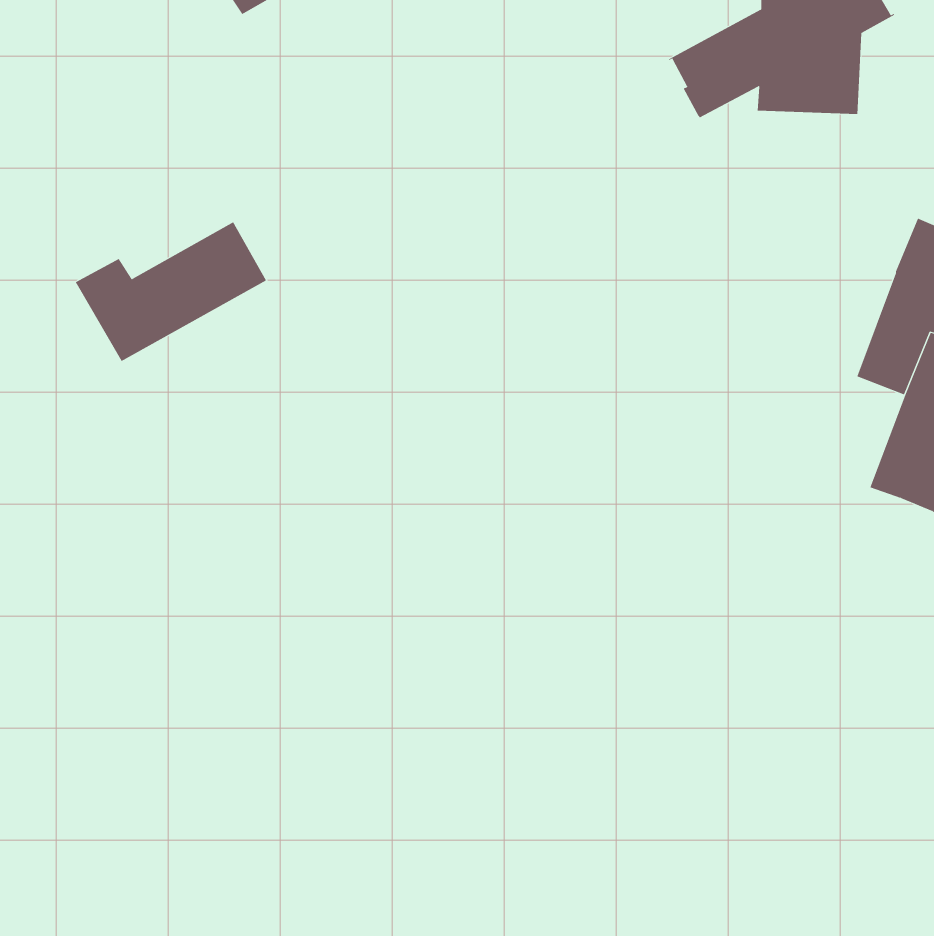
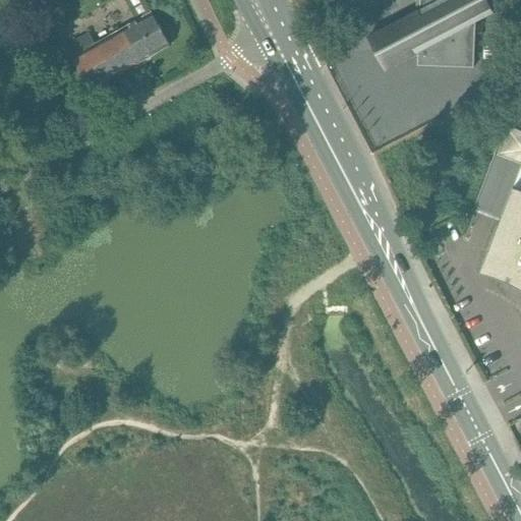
building: [75,221,267,362] -> [69,8,175,85]

